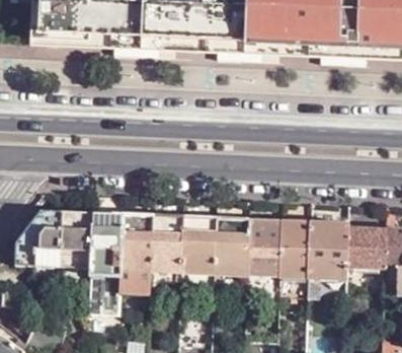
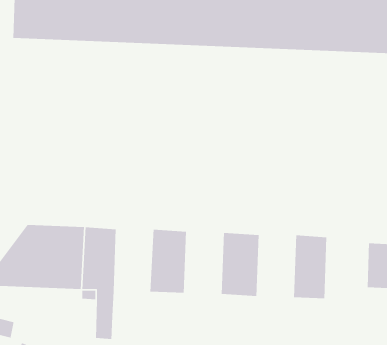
building: [119,213,155,292] -> none
building: [183,215,218,272] -> none
building: [248,218,283,275] -> none
building: [309,220,348,277] -> none

